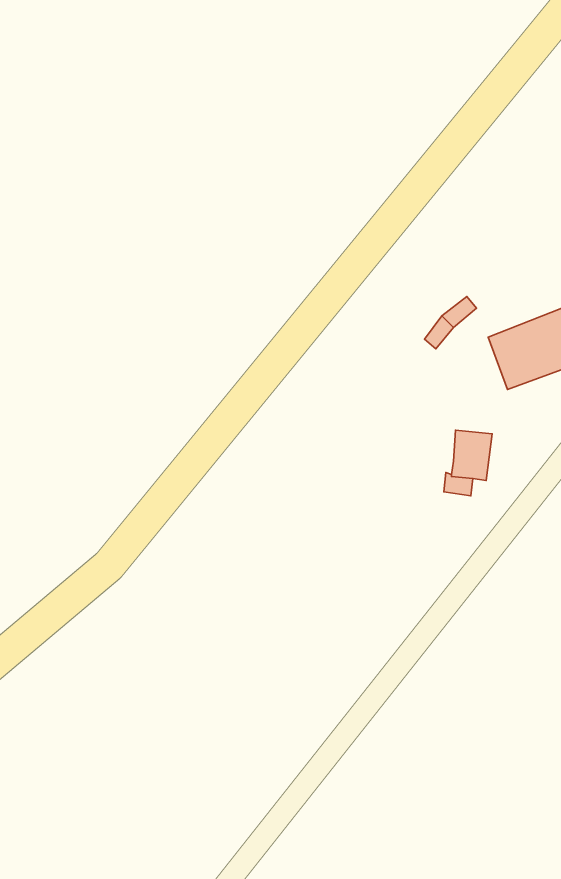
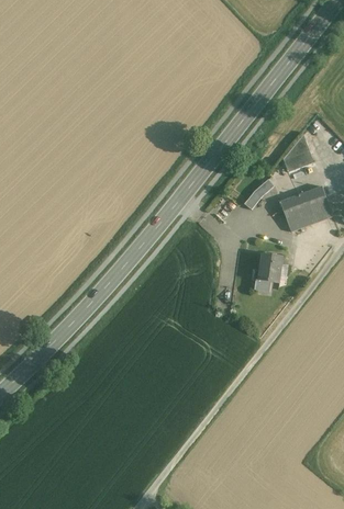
building: none -> [284,133,314,171]

